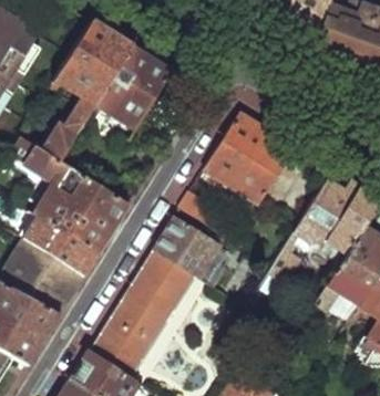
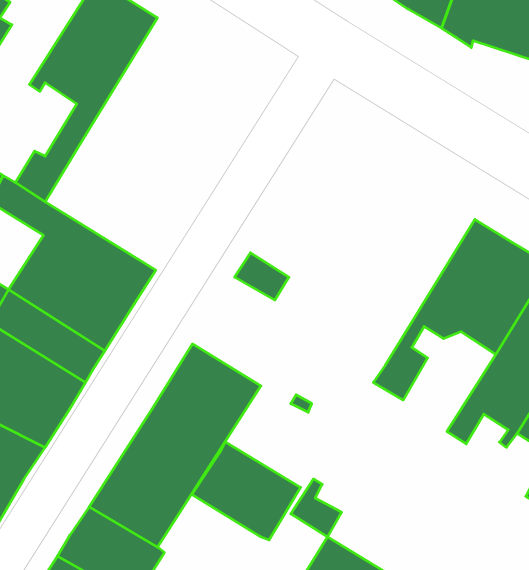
building: [86,43,173,123] -> none
building: [204,113,295,204] -> none
building: [154,216,223,278] -> [192,442,301,540]

